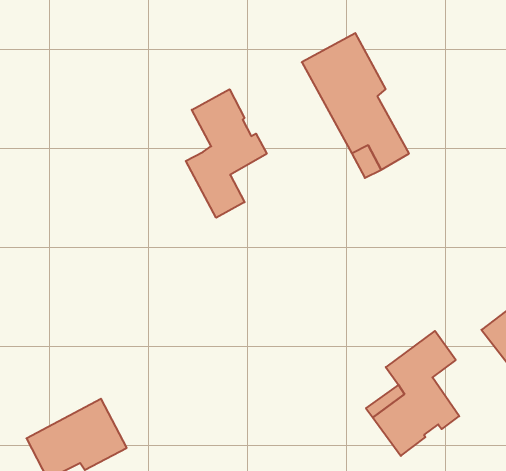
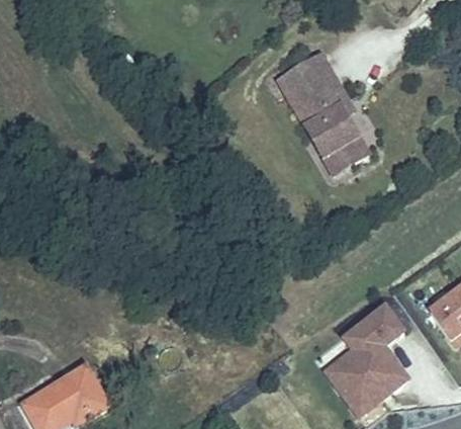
building: [186,89,267,218] -> none

